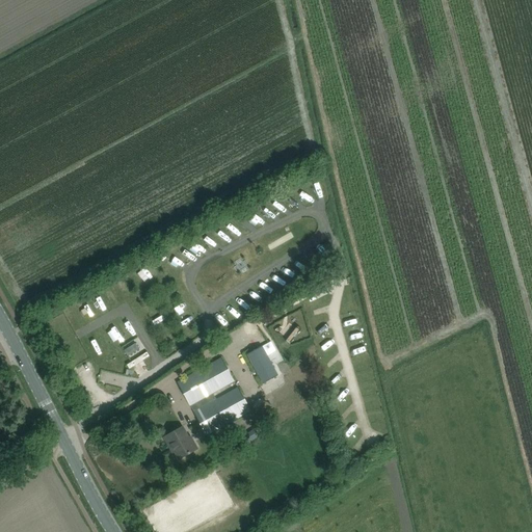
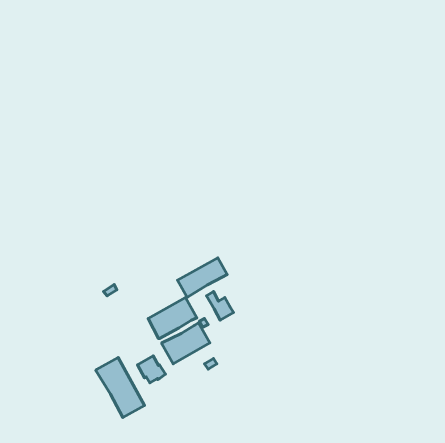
building: none -> [178,258,227,297]
building: none -> [96,358,144,418]

